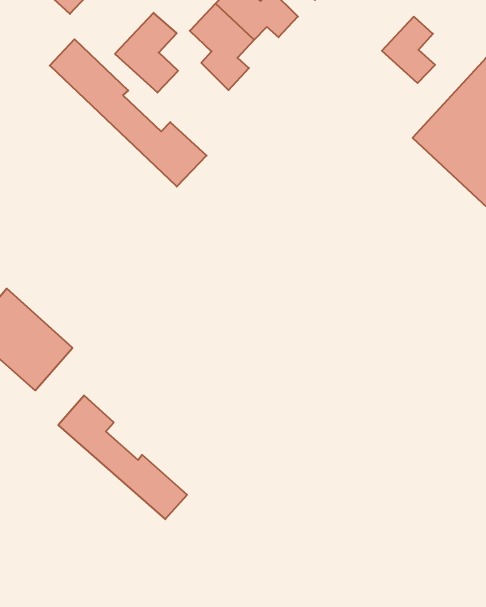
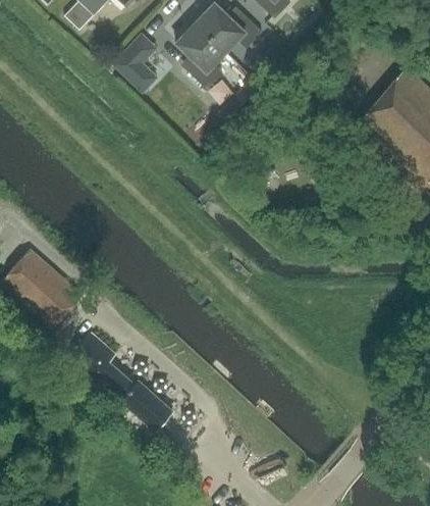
building: [382,17,435,83] -> none
building: [50,39,207,187] -> none

